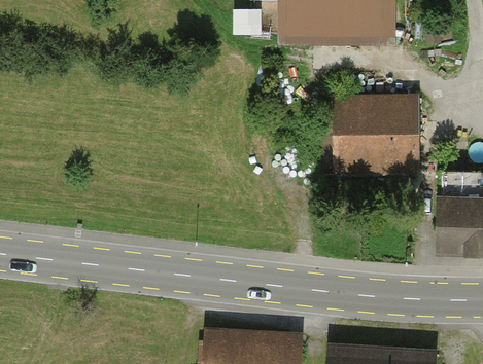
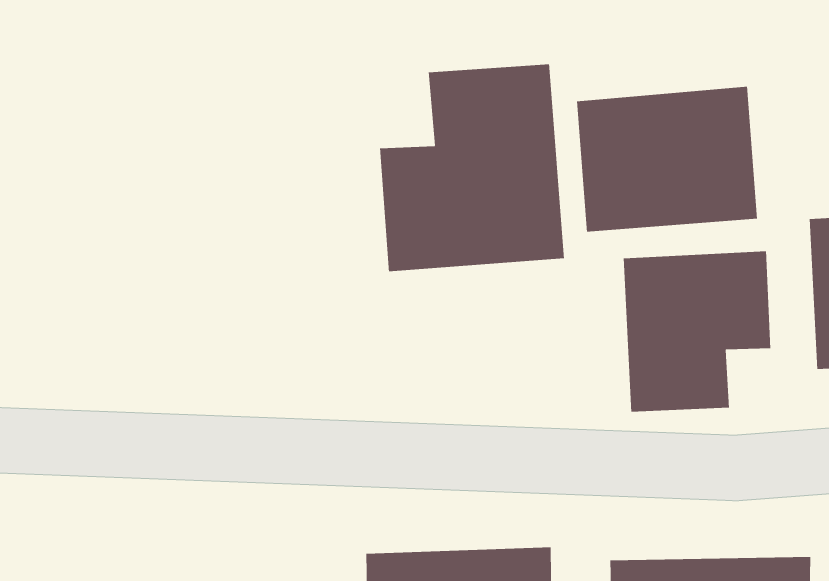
building: none -> [380,64,564,272]
building: none -> [623,250,771,413]

